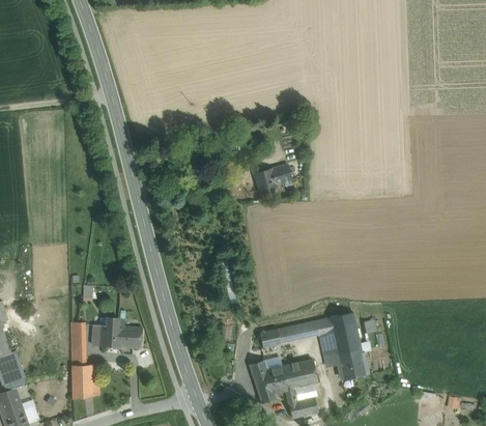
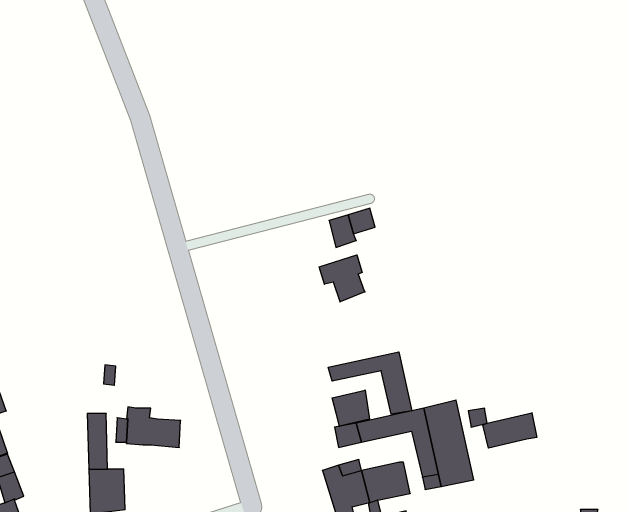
building: none -> [319,255,365,302]
building: none -> [328,352,412,414]
building: none -> [332,390,370,426]
building: none -> [483,413,537,448]

